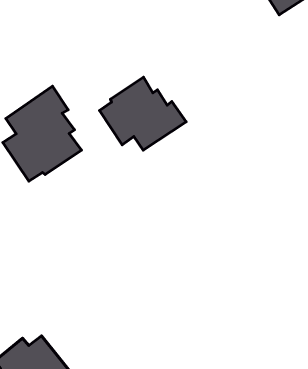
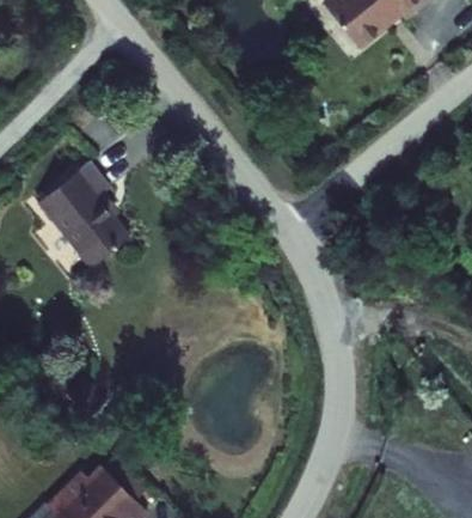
building: [99,77,186,150] -> none

